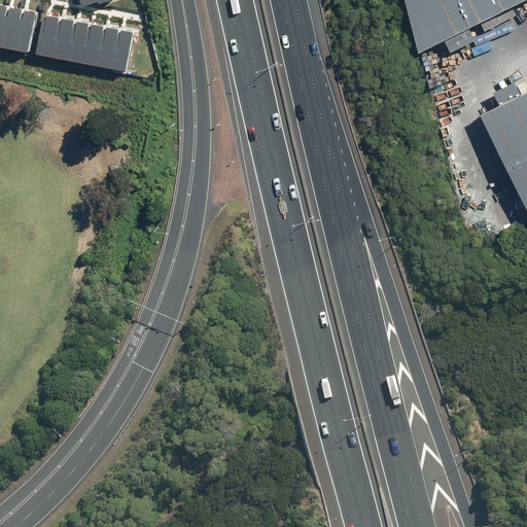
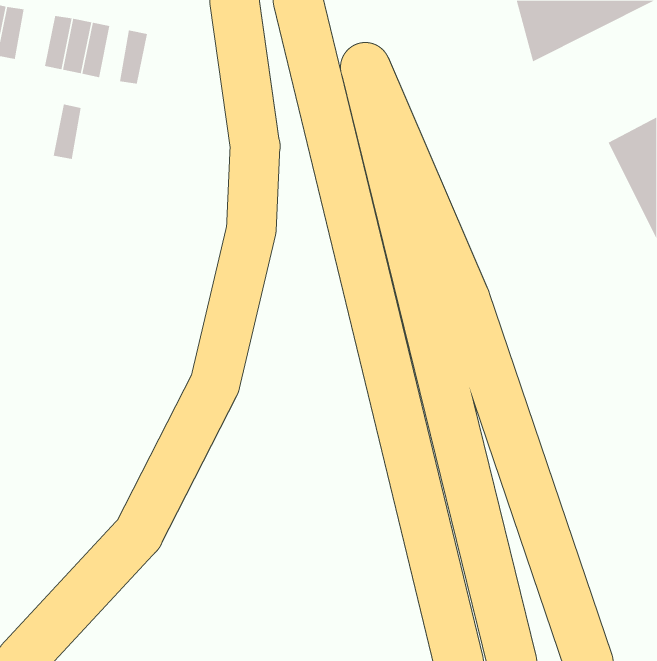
building: [12,8,34,50] -> none
building: [79,22,102,66] -> [53,104,81,160]
building: [109,28,132,71] -> none

